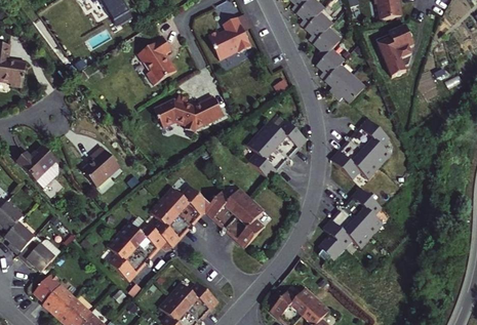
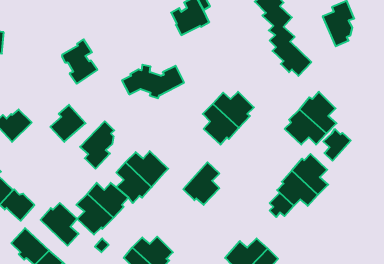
building: [138,33,177,82] -> [62,39,97,84]
building: none -> [80,121,114,169]
building: none -> [323,129,351,161]
building: [206,192,251,232] -> none
building: none -> [41,203,79,246]

